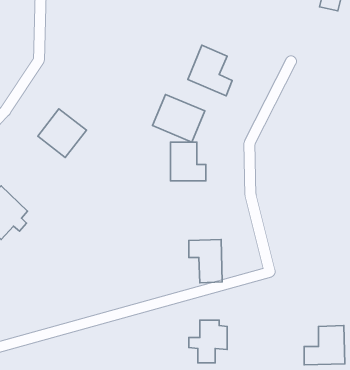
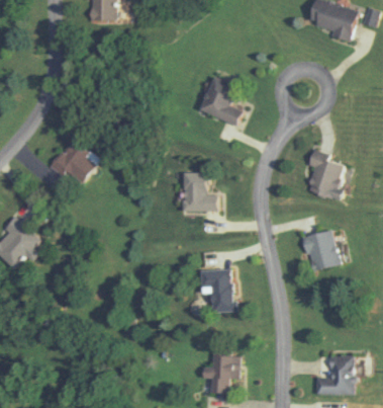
building: [152,94,205,142] -> none
building: none -> [307,149,345,199]
building: none -> [303,230,340,272]

